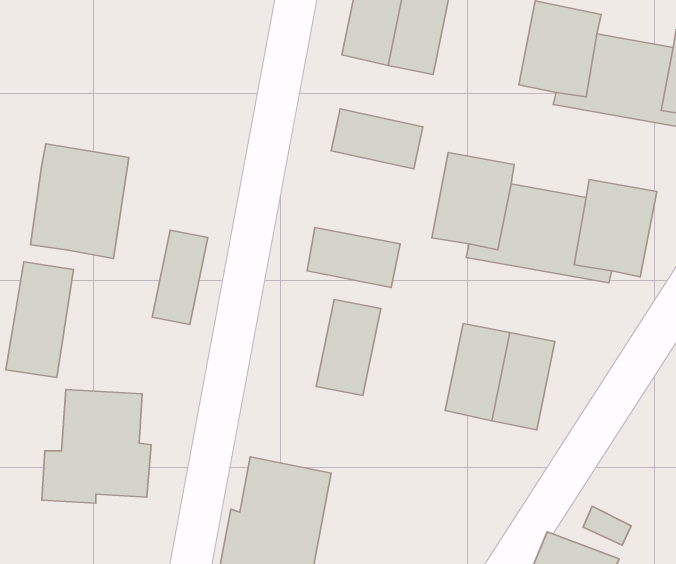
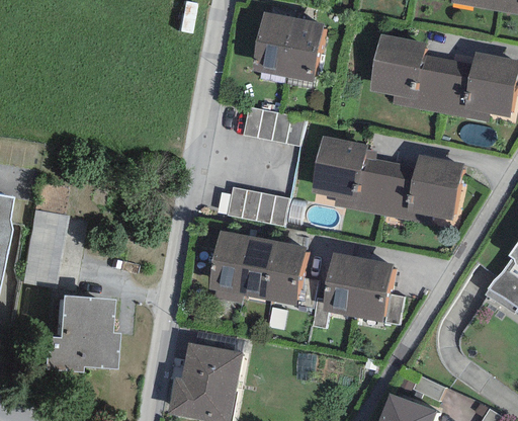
building: [30,144,129,258] -> none
building: [152,230,208,325] -> [207,230,245,293]
building: none -> [264,241,307,307]

